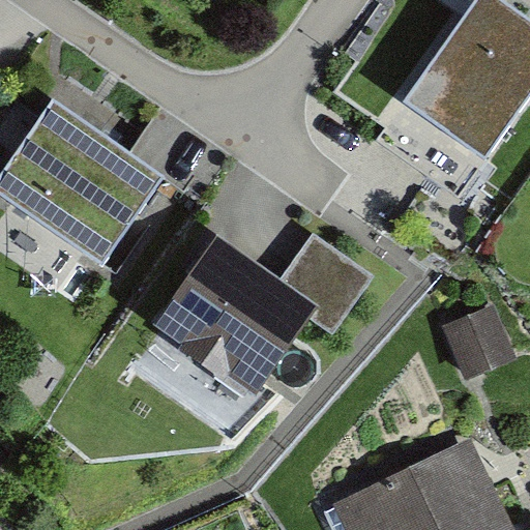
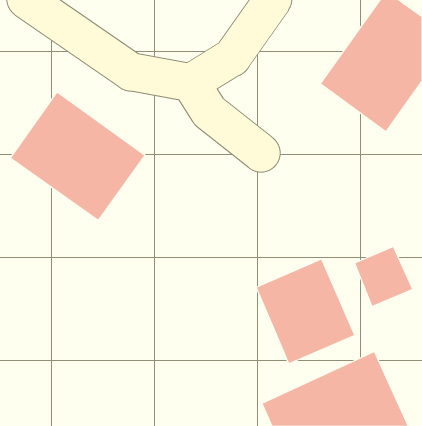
building: [165,241,383,395] -> none
building: none -> [256,259,355,364]

